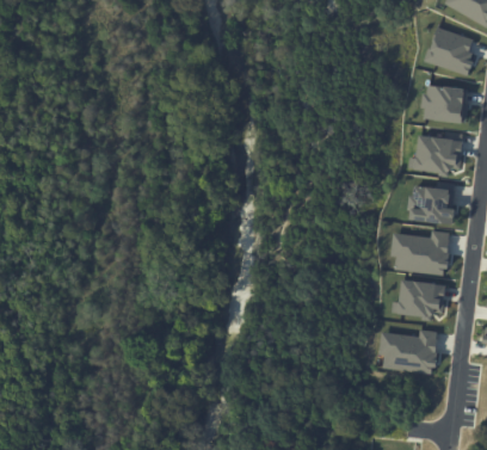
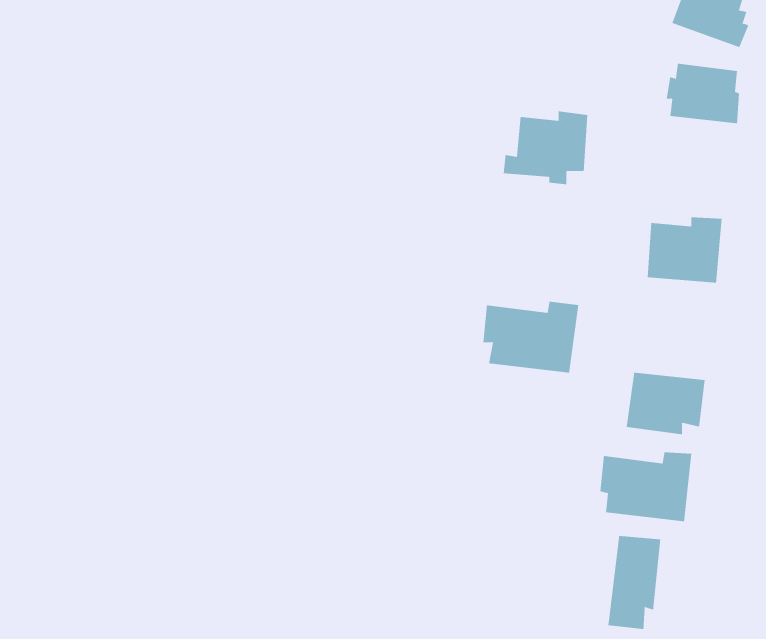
building: [409,131,463,178] -> [503,111,588,185]
building: [390,230,451,276] -> [483,301,579,373]
building: none -> [608,535,661,630]

